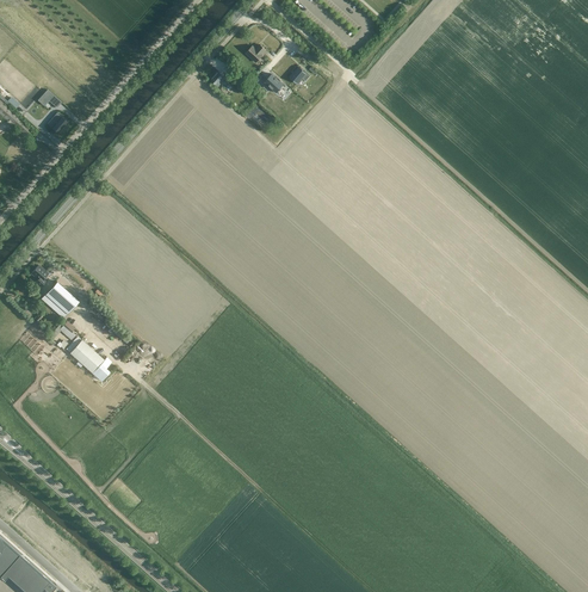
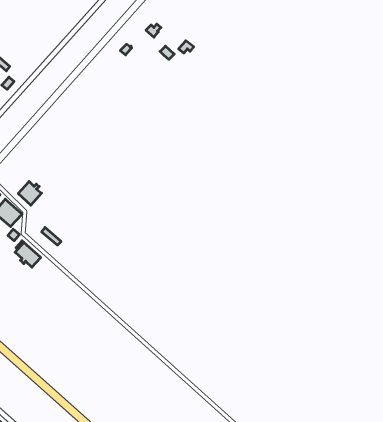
building: none -> [18,181,42,205]

